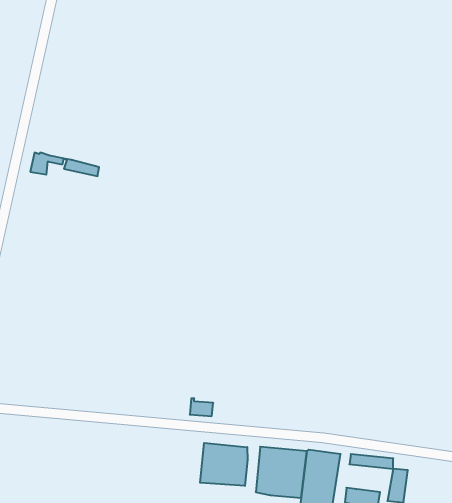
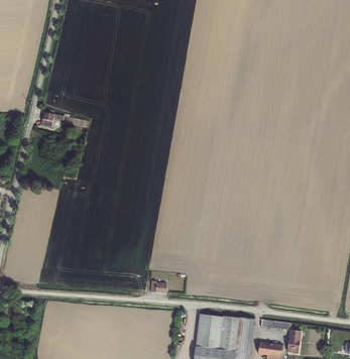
building: [200,443,248,486] -> none

